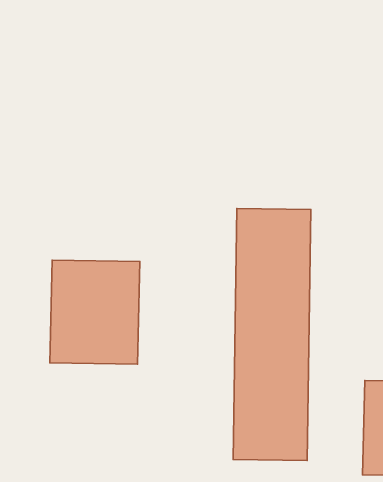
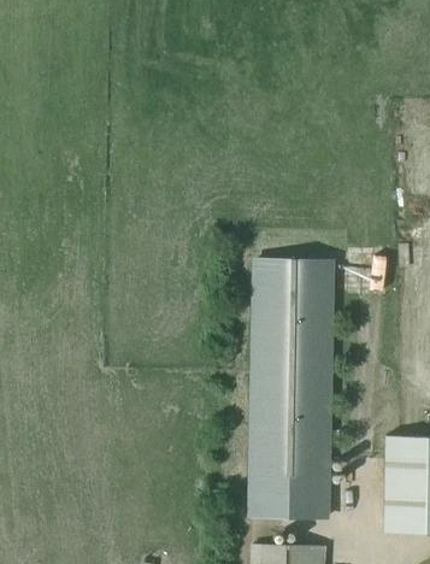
building: [50,260,140,364] -> none

